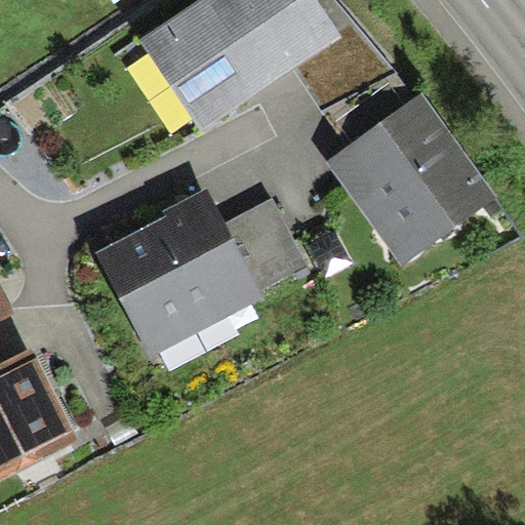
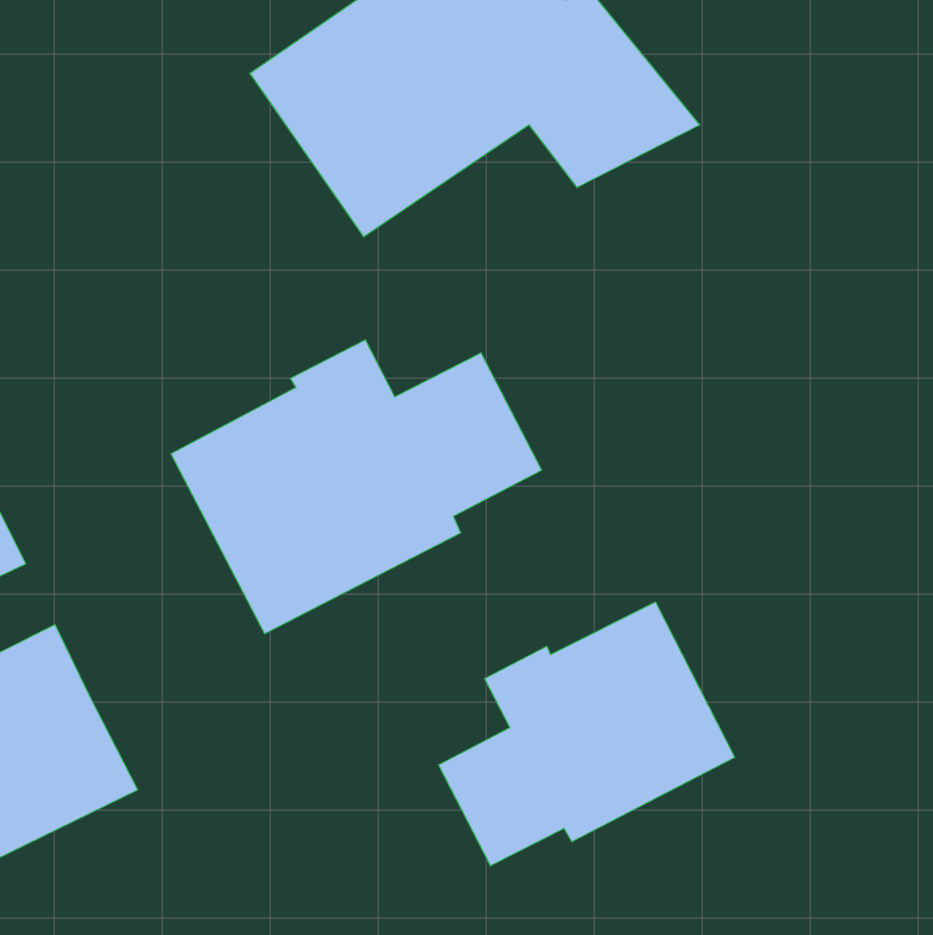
building: [325,79,498,267] -> none
building: none -> [438,602,735,866]

